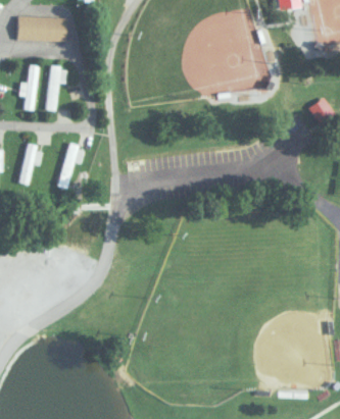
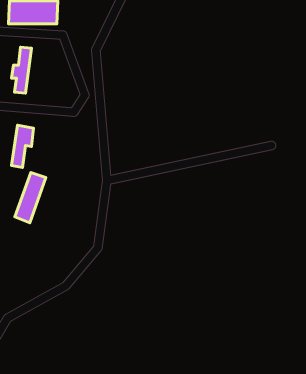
building: [45,65,66,112] -> none
building: [51,140,83,191] -> [15,173,46,223]

